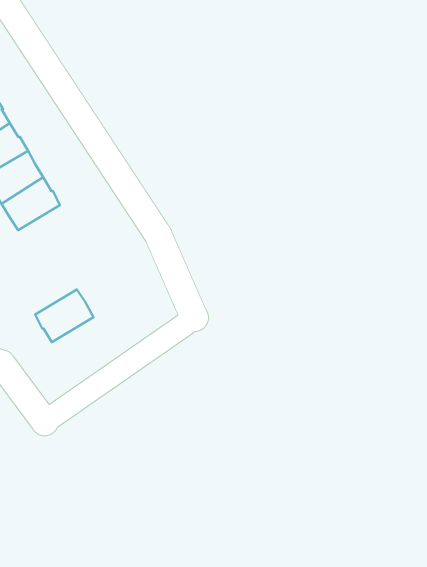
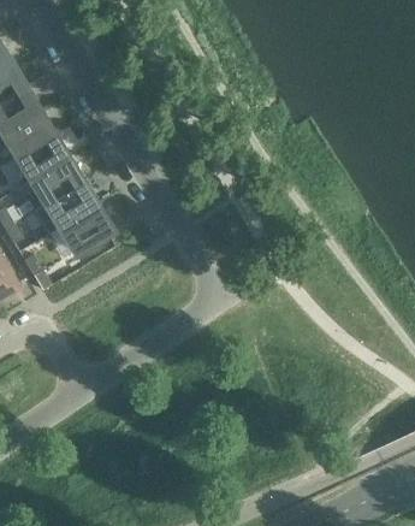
building: [35,289,94,342] -> [60,206,111,252]

